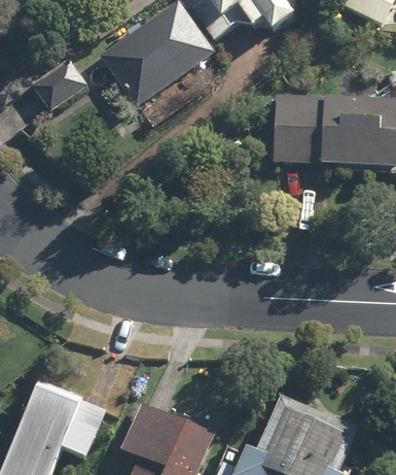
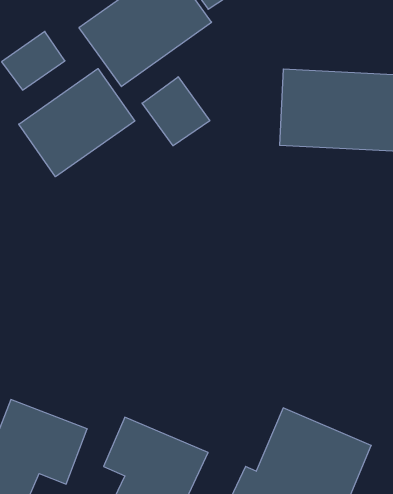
building: none -> [19,69,135,177]
building: none -> [142,77,210,146]

